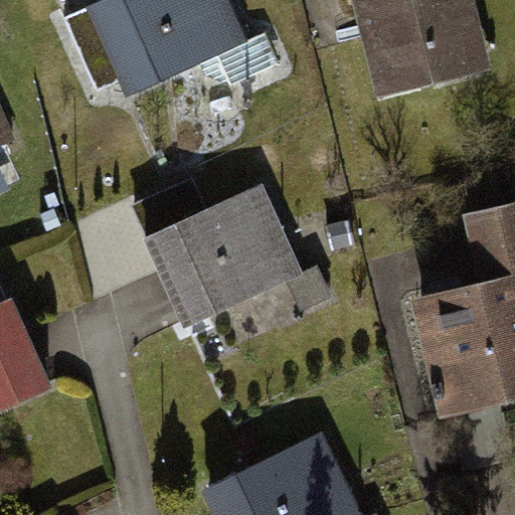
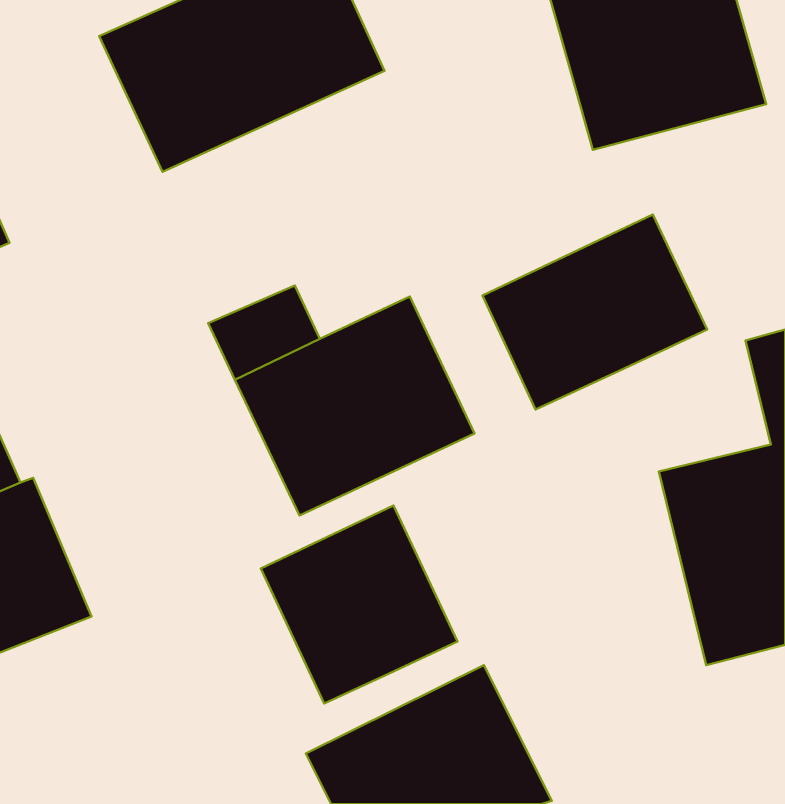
building: none -> [482,215,707,410]
building: none -> [261,506,458,704]

